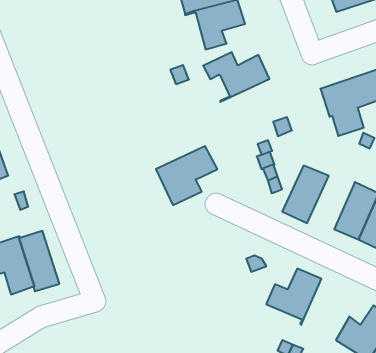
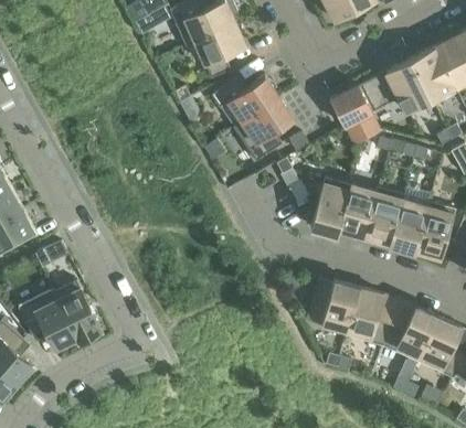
building: [156,146,217,205] -> [234,98,295,161]
building: none -> [338,185,379,237]
building: none -> [347,288,393,346]

